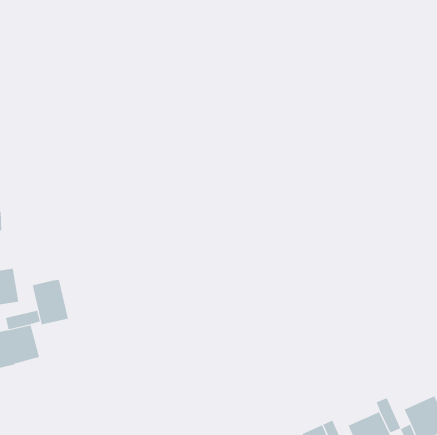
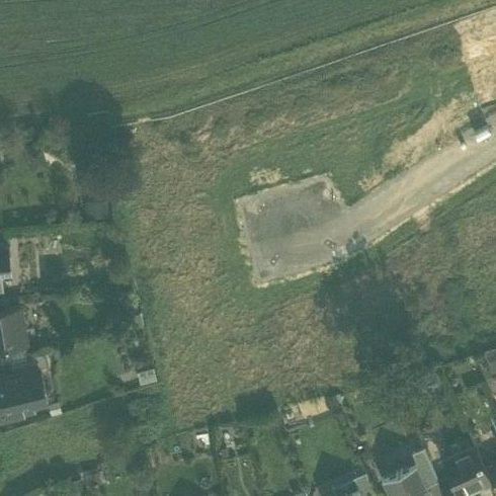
building: [32,279,69,325] -> none

